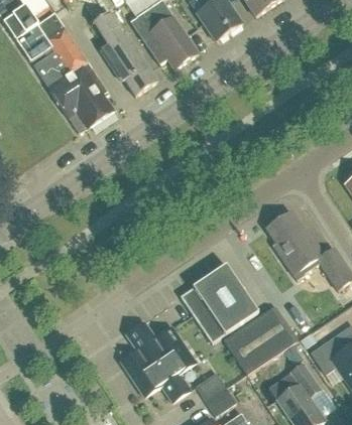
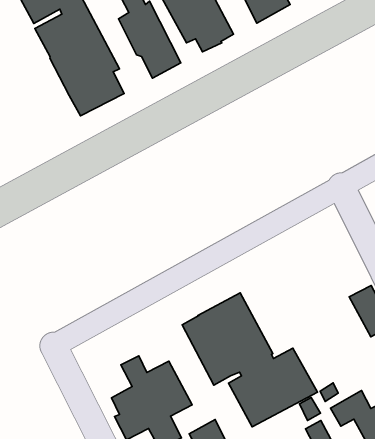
building: [265,211,323,274] -> none

